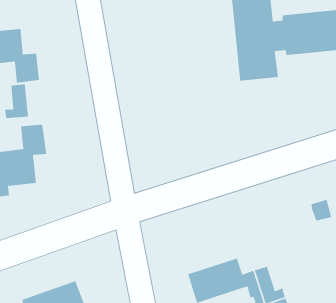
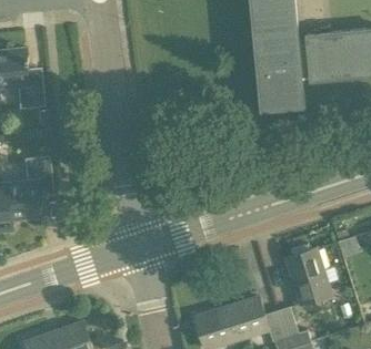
building: [4,84,29,119] -> none
building: none -> [284,247,330,305]

